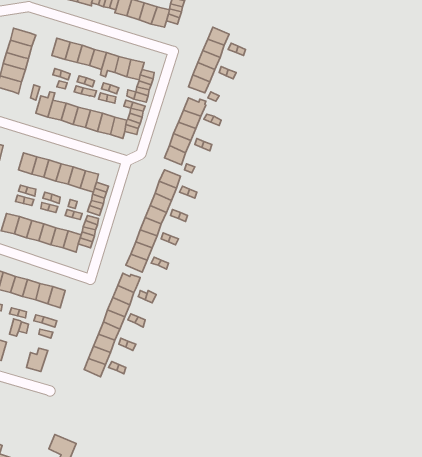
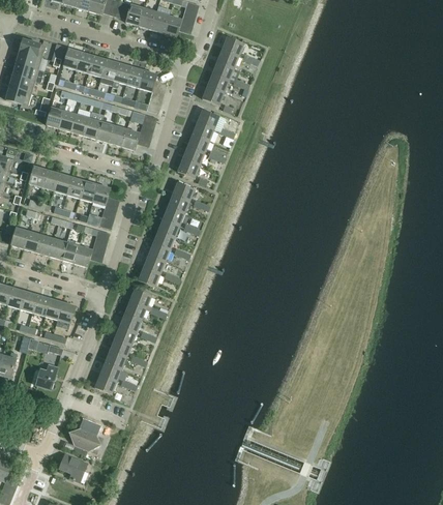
building: none -> [64,426,100,455]

